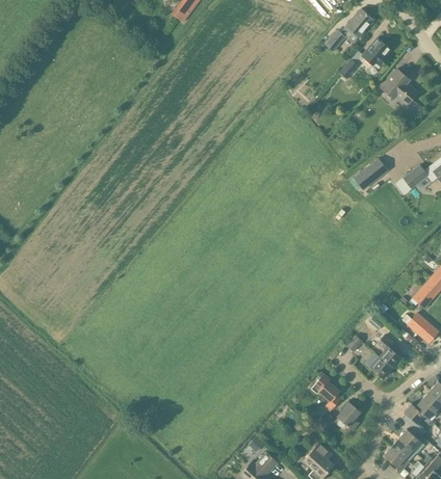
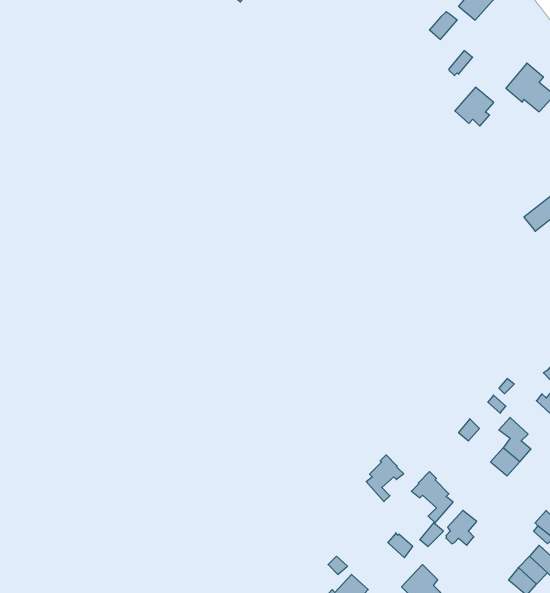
building: [362,37,391,66] -> [455,87,494,126]
building: [354,158,387,189] -> none
building: none -> [366,455,404,502]

